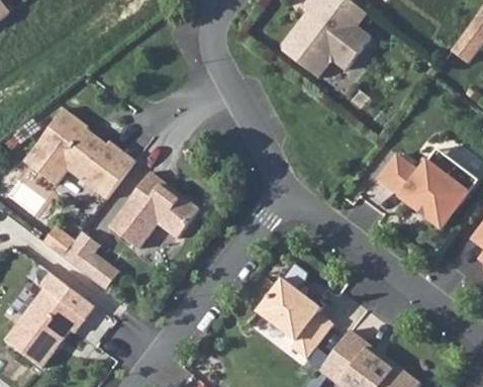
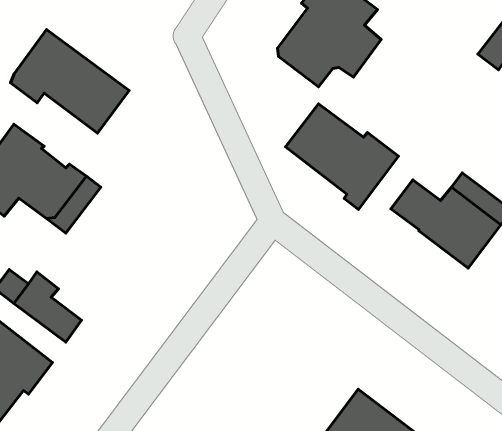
building: none -> [11,30,129,133]
building: none -> [286,104,399,210]
building: [108,172,199,249] -> none
building: [258,263,332,359] -> none

